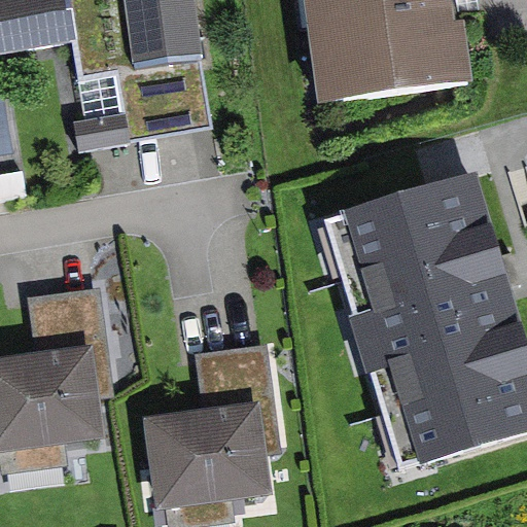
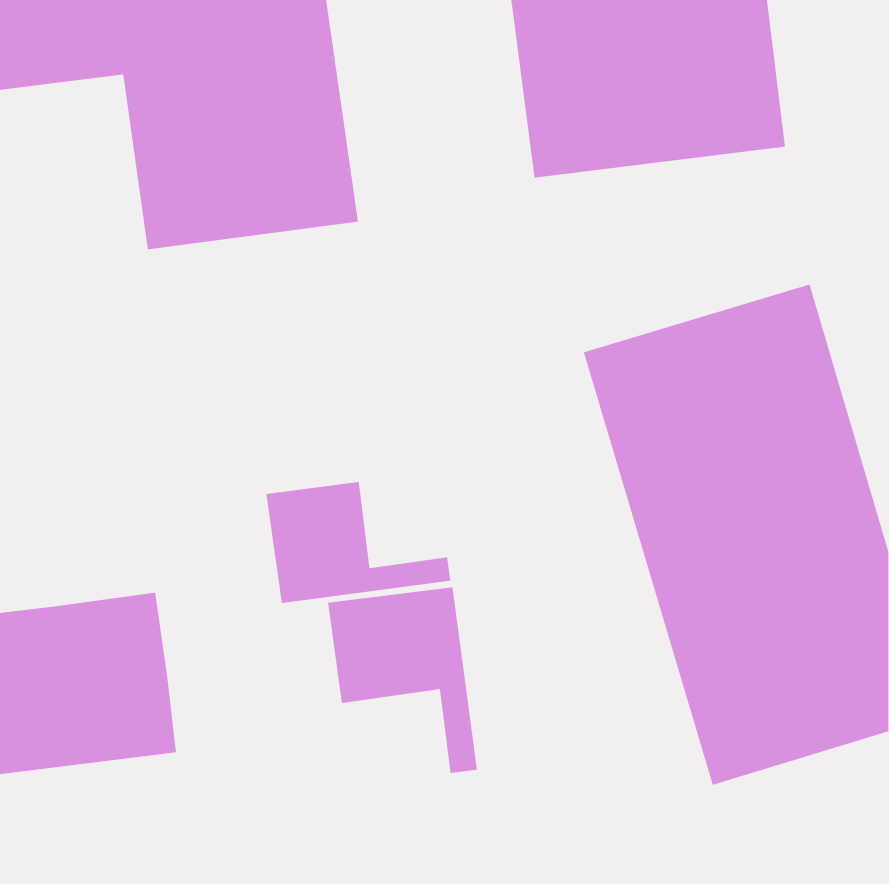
building: none -> [265,481,451,604]
building: [25,288,113,398] -> none
building: [142,406,271,515] -> none

